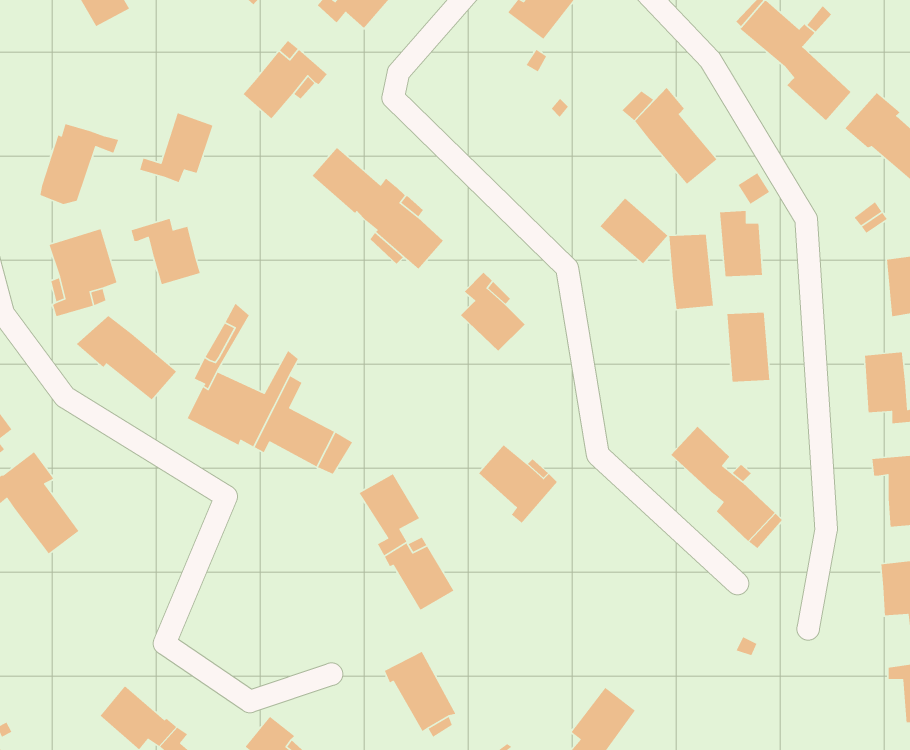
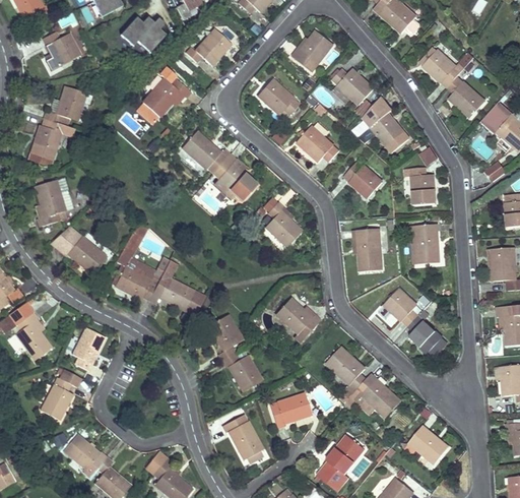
building: none -> [331,69,374,106]
building: none -> [258,79,300,116]
building: [139,112,214,183] -> [44,86,85,126]
building: none -> [297,126,339,162]
building: [131,218,201,285] -> none
building: [669,234,714,310] -> [356,229,382,271]
building: none -> [73,328,105,371]
building: none -> [326,347,400,418]
building: none -> [40,370,81,421]
building: none -> [269,393,312,429]
building: none -> [408,426,448,464]

